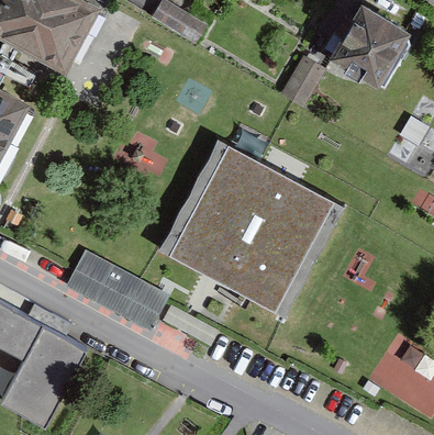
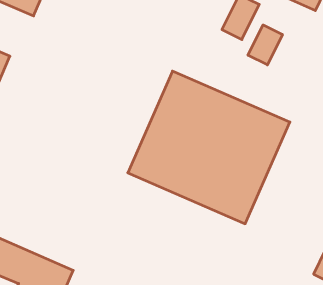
building: none -> [248,25,282,65]
building: [63,254,166,333] -> none

